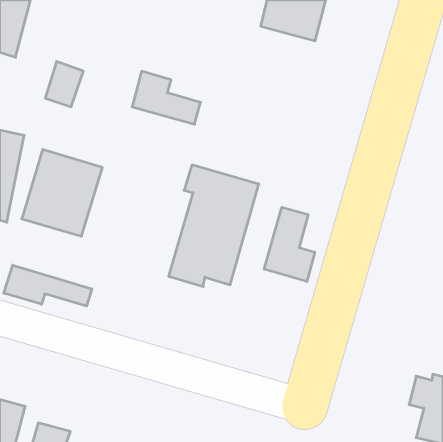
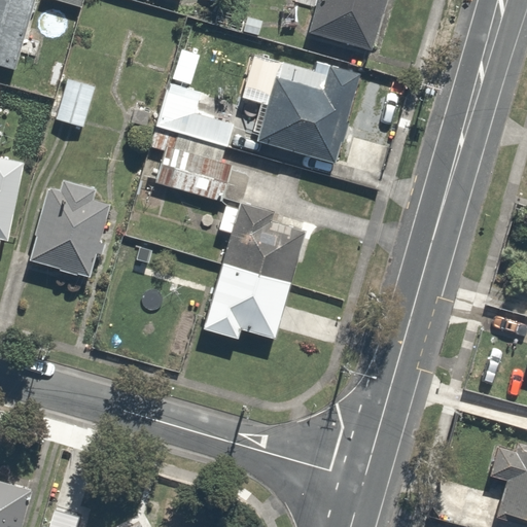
building: none -> [247,52,365,165]
building: none -> [150,129,231,200]
building: [264,207,315,282] -> none
building: [4,265,92,306] -> none

